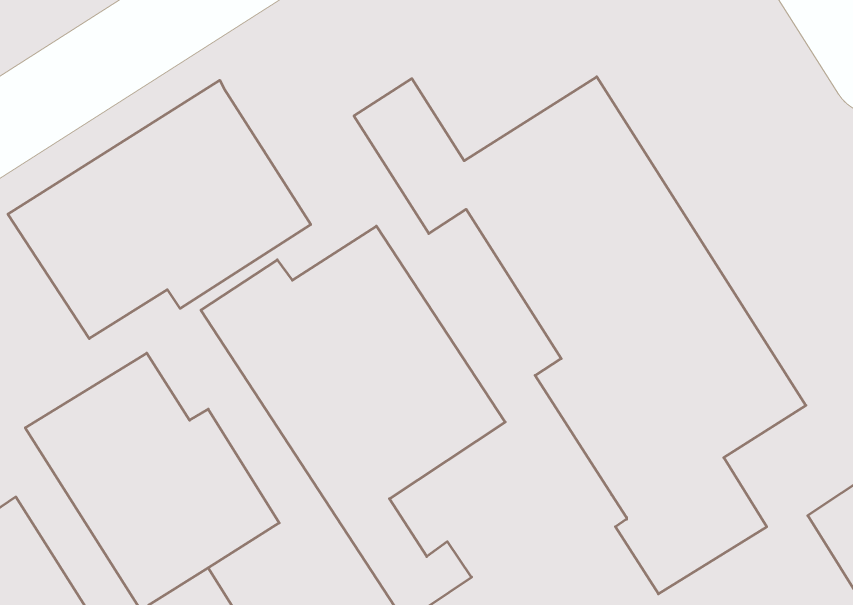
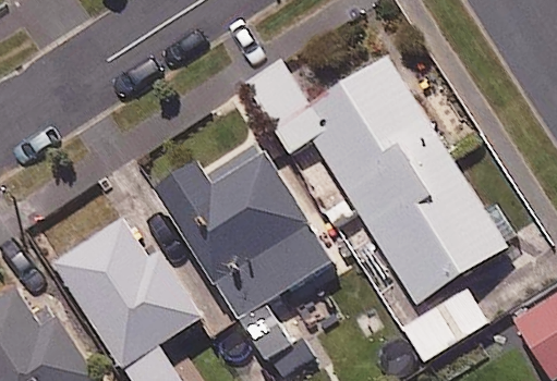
building: [8,80,311,339] -> none

